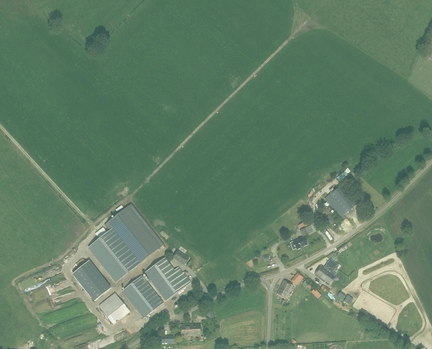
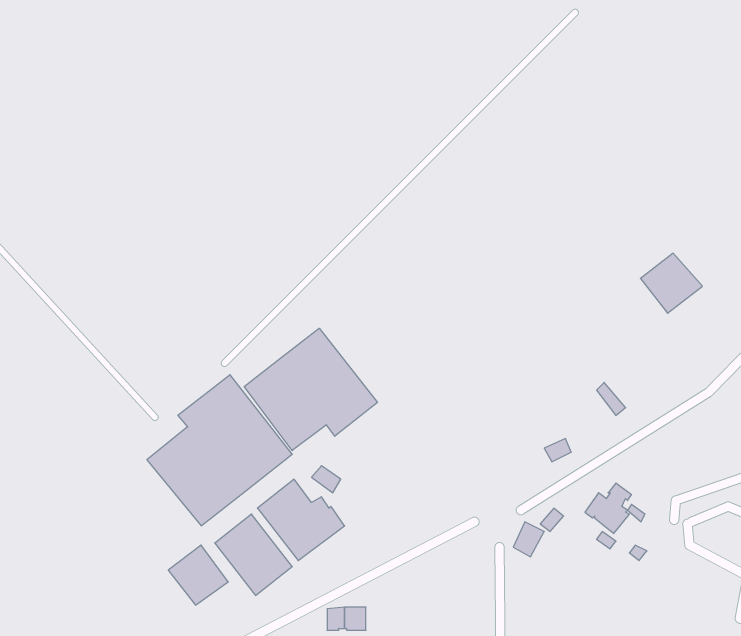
building: none -> [244,328,377,451]
building: [324,185,356,216] -> [640,253,702,313]
building: [72,261,110,300] -> none

